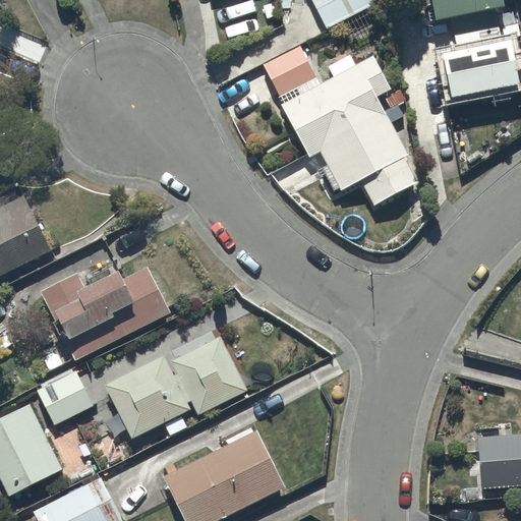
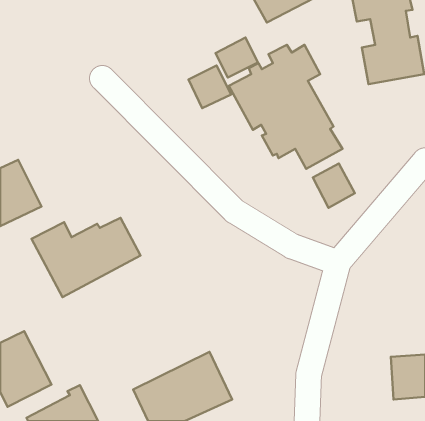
building: none -> [188,65,231,108]
building: none -> [313,164,355,208]
building: [104,336,247,441] -> none
building: [37,370,93,425] -> none

